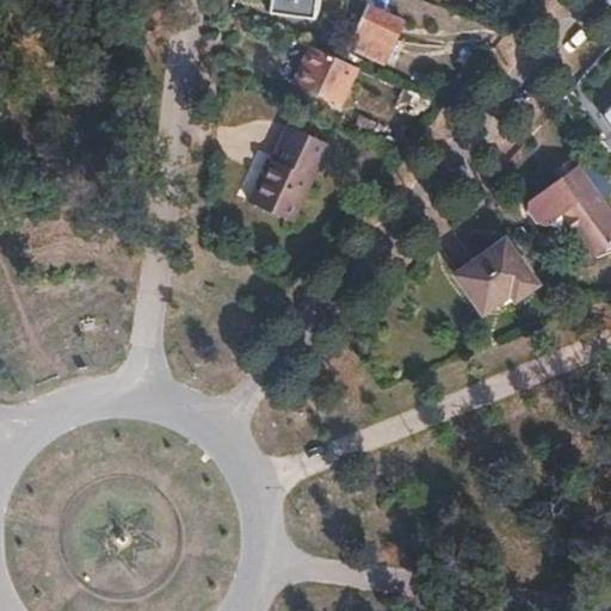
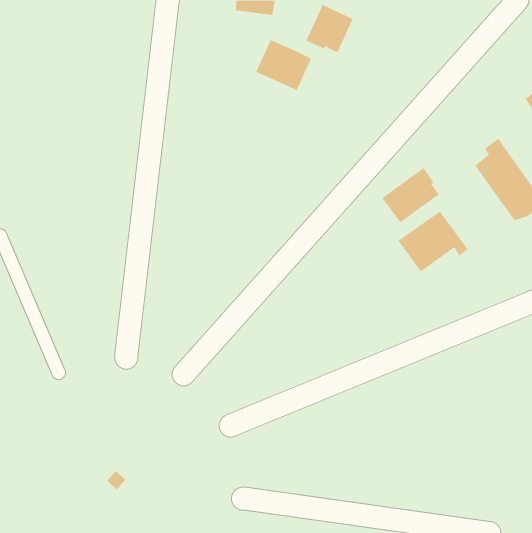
building: [249,128,328,224] -> none
building: none -> [382,167,440,223]

